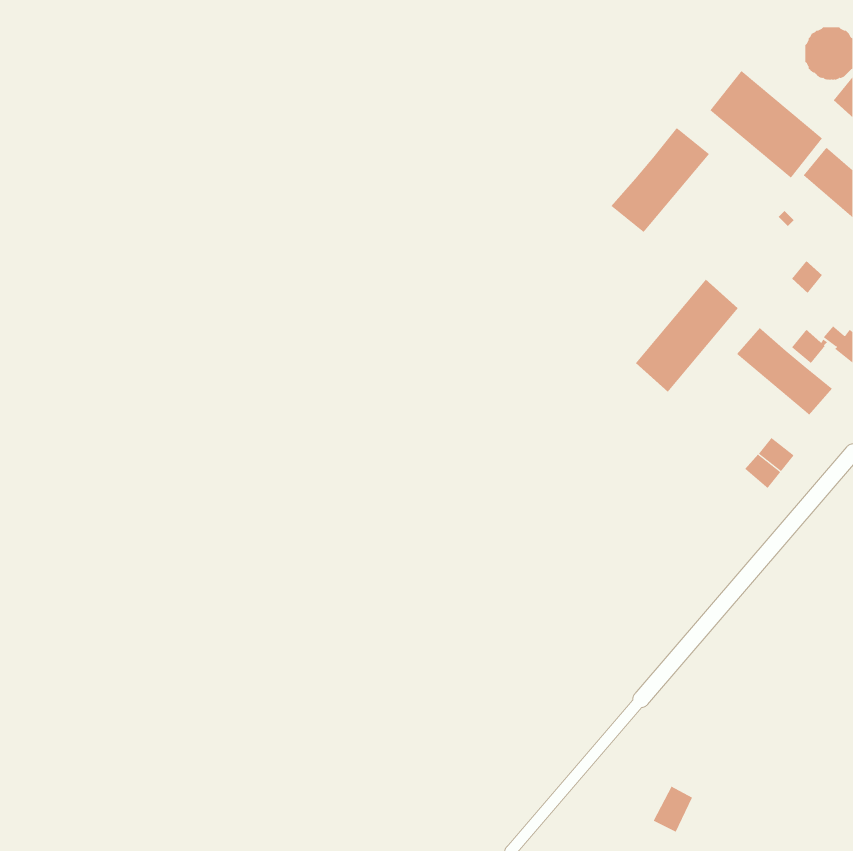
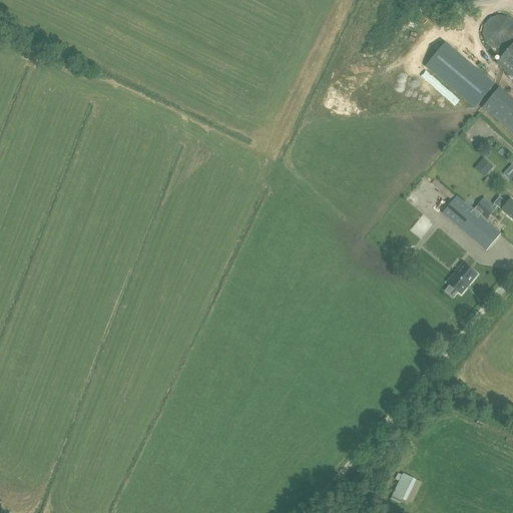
building: [611,127,710,233] -> none
building: [635,279,739,392] -> none

